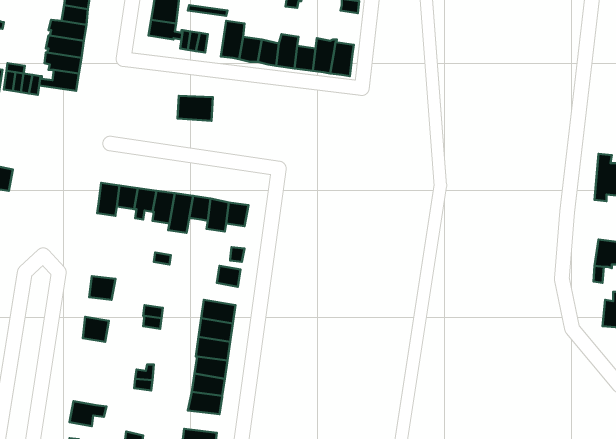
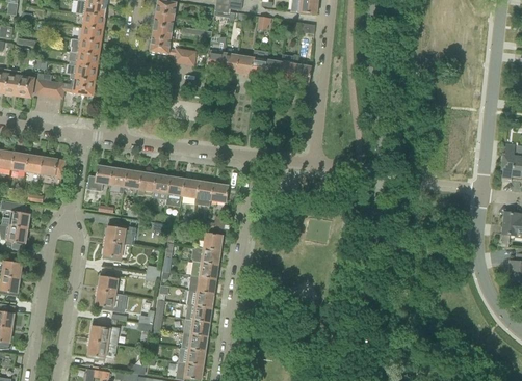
building: none -> [40,157,66,176]
building: none -> [87,164,112,190]
building: none -> [105,223,137,245]
building: none -> [191,245,220,264]
building: none -> [95,290,124,310]
building: none -> [90,323,120,345]
building: none -> [178,347,206,364]

